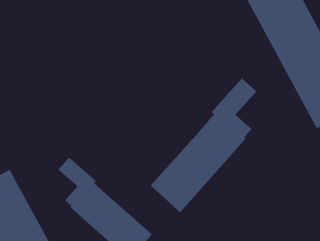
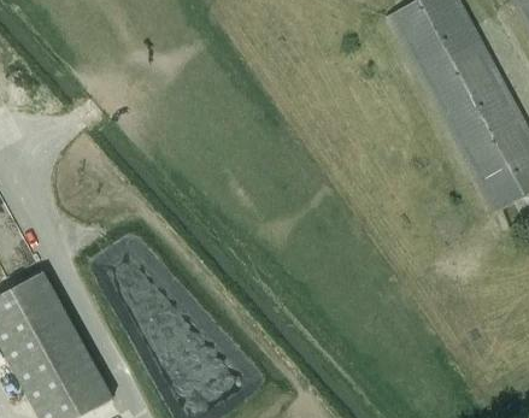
building: [150,78,257,213] -> none

